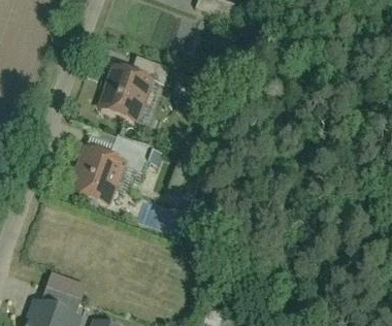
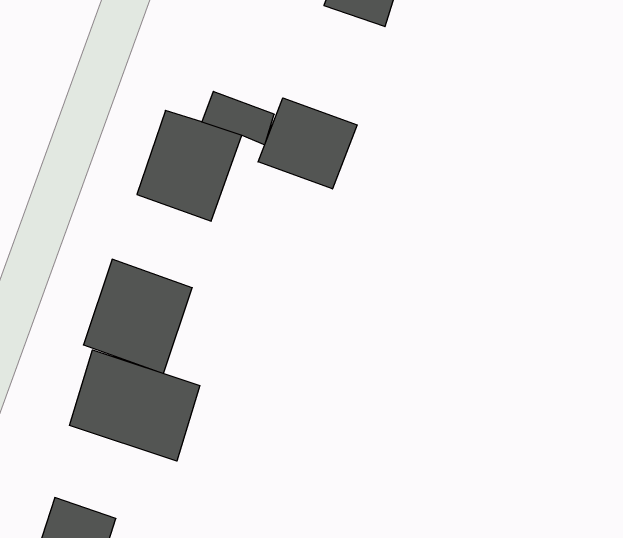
building: none -> [258,98,357,189]
building: none -> [70,350,200,461]

